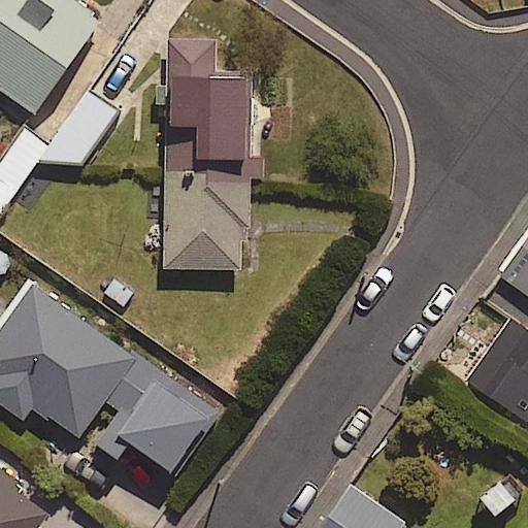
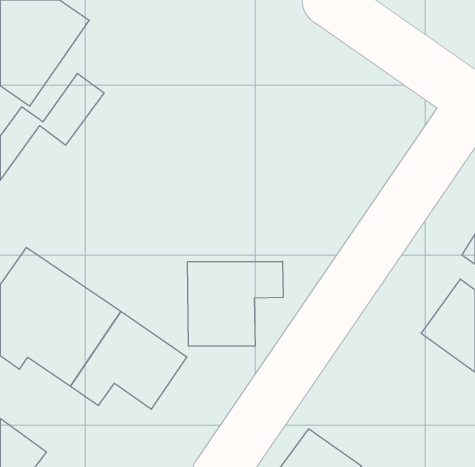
building: [163,38,258,268] -> none
building: none -> [187,261,283,346]

